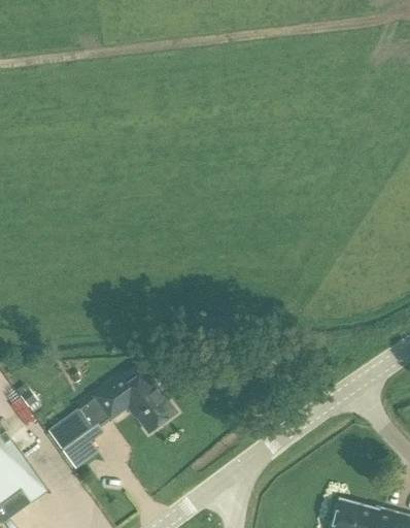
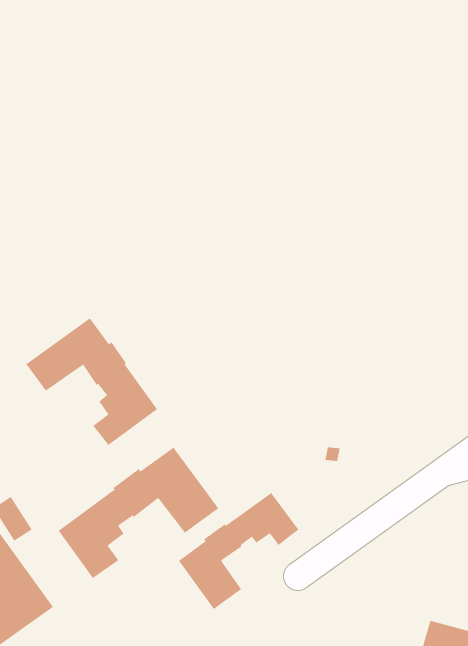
building: none -> [26,317,158,446]
building: none -> [178,492,299,610]

